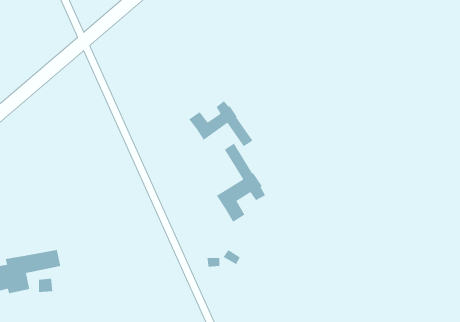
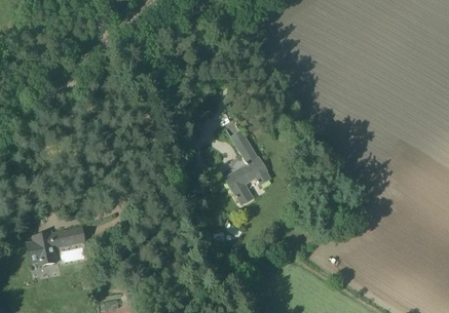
building: [188,100,253,147] -> none

